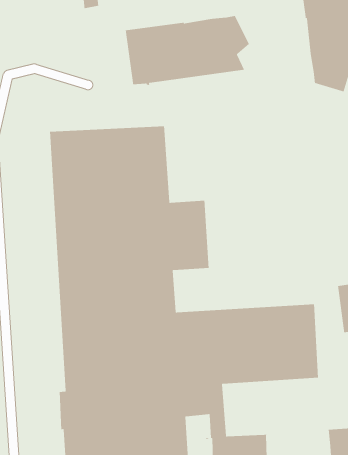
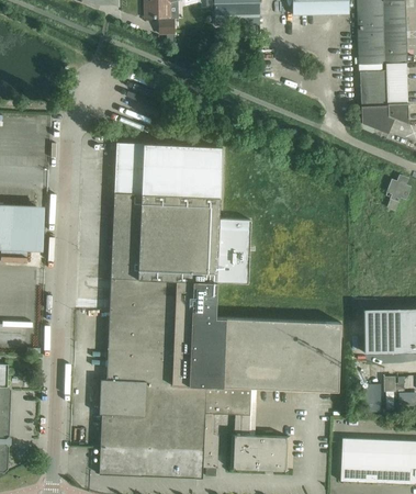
building: [125,15,250,86] -> none

